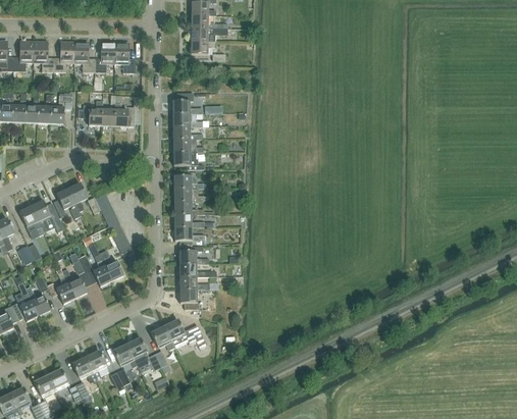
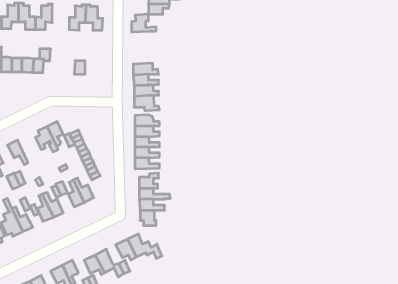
building: [74,41,95,71] -> none
building: [172,92,202,113] -> [132,14,156,32]
building: [79,101,102,125] -> none
building: [114,103,135,126] -> none
building: [33,200,65,231] -> none

